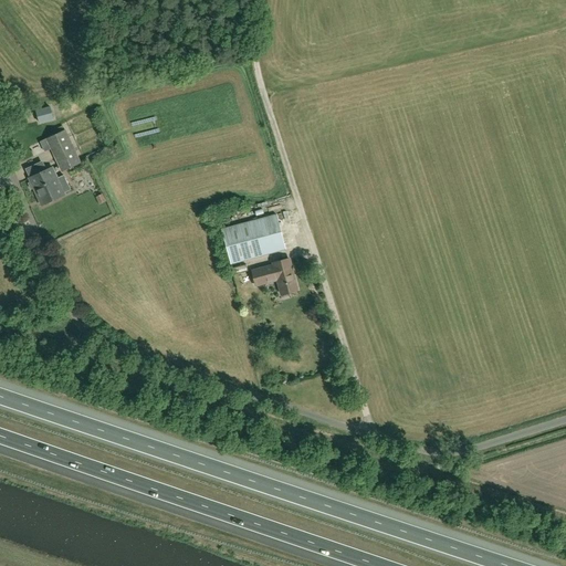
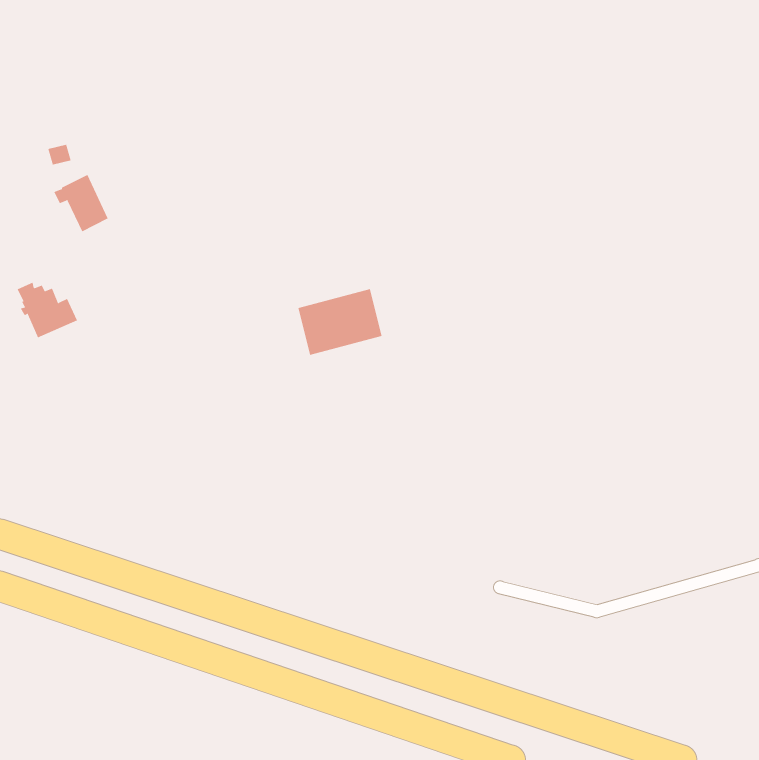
building: [25,164,71,206] -> [17,282,78,338]
building: [252,260,297,294] -> none

